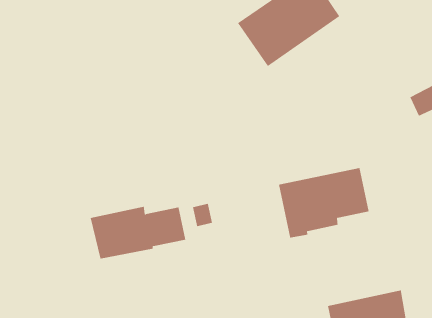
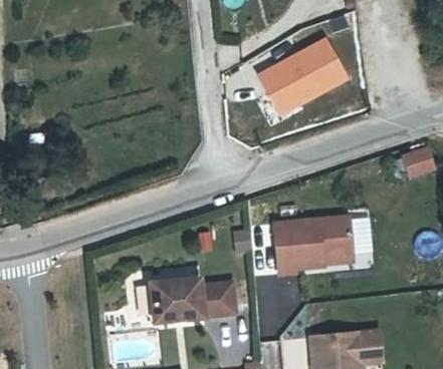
building: [90,206,186,259] -> [149,277,233,320]

